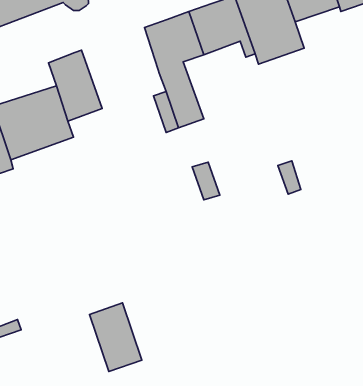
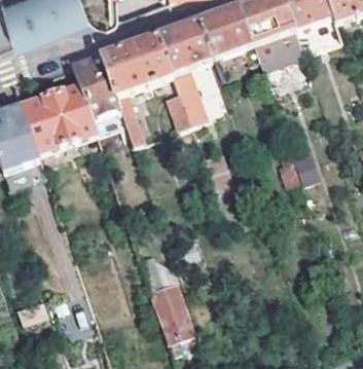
building: none -> [102,37,172,146]
building: [89,303,142,371] -> [150,284,197,345]

